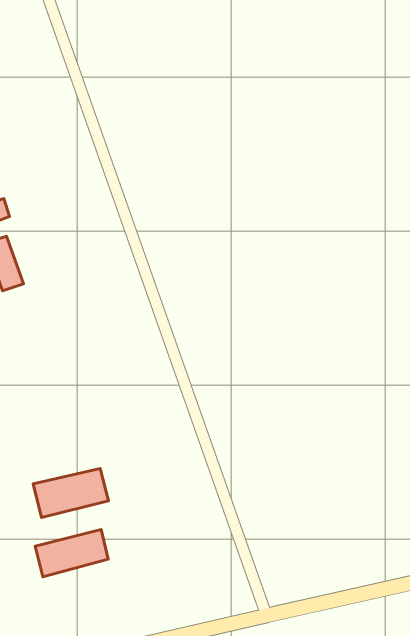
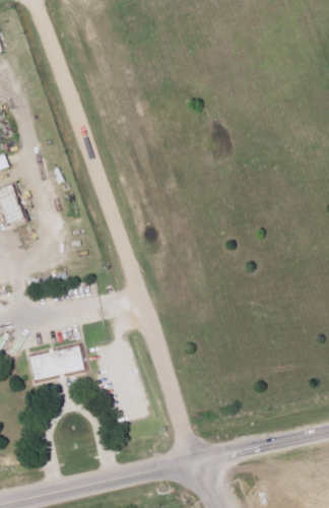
building: [35,530,108,577] -> none

